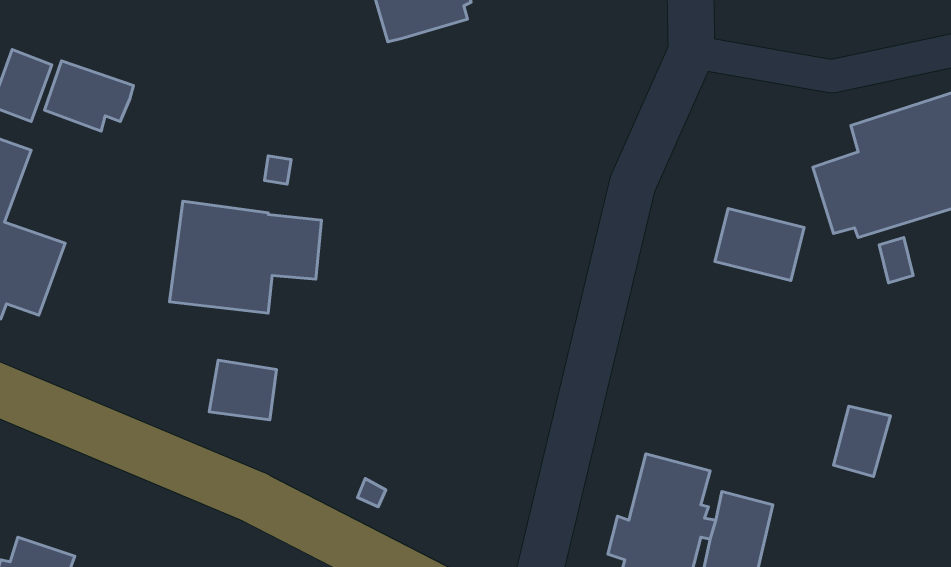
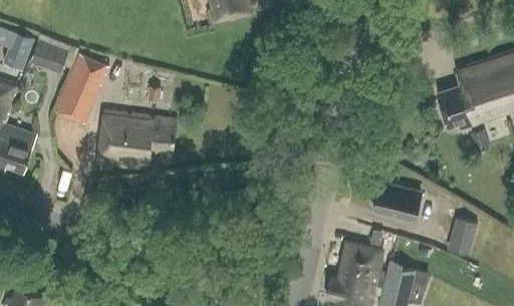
building: none -> [52,54,106,124]
building: [715,208,804,280] -> [372,182,420,220]
building: [209,360,276,420] -> none

